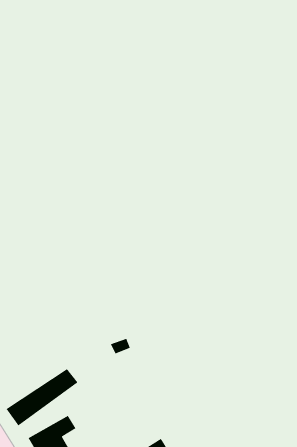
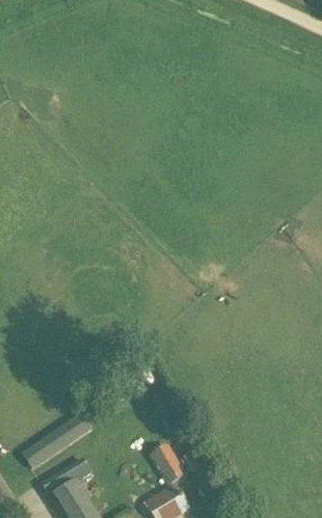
building: none -> [151,442,187,483]

